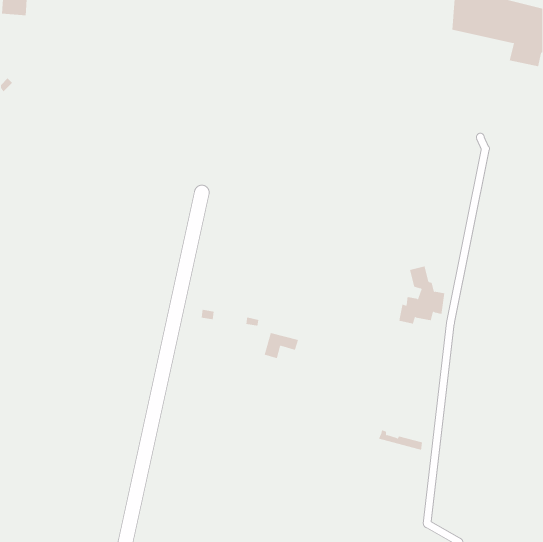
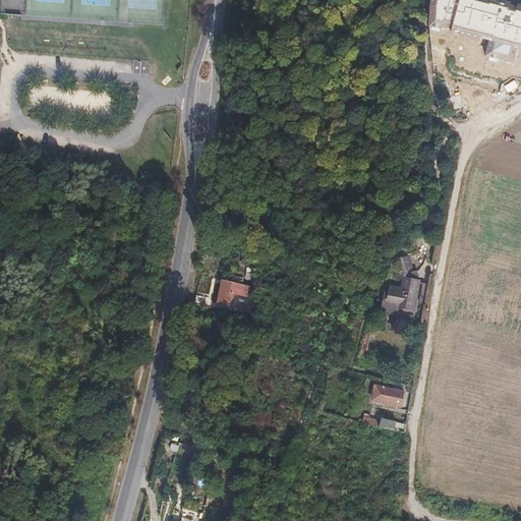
building: [264,332,299,359] -> [216,281,249,306]
building: none -> [373,384,404,404]

